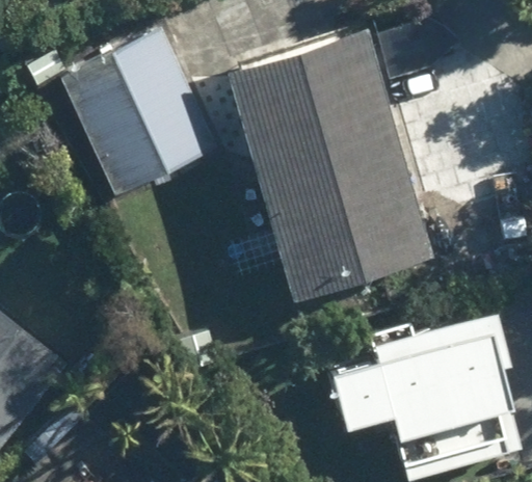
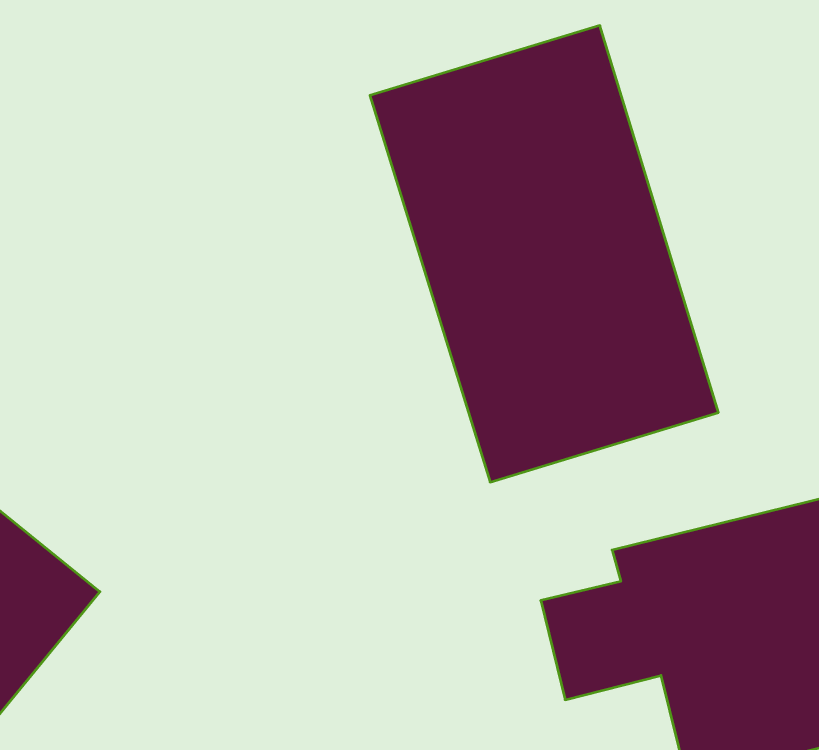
building: [53,29,219,205] -> none

